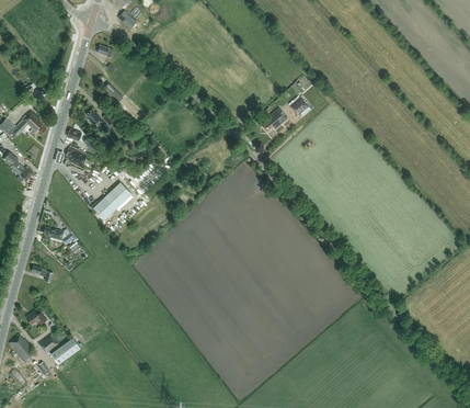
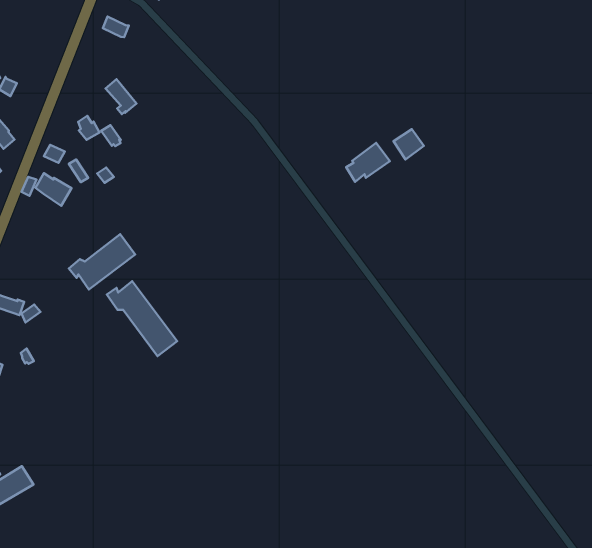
building: none -> [107,281,177,356]

